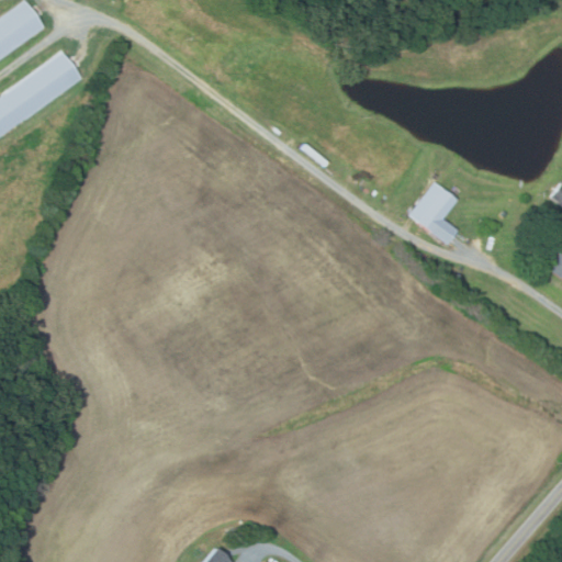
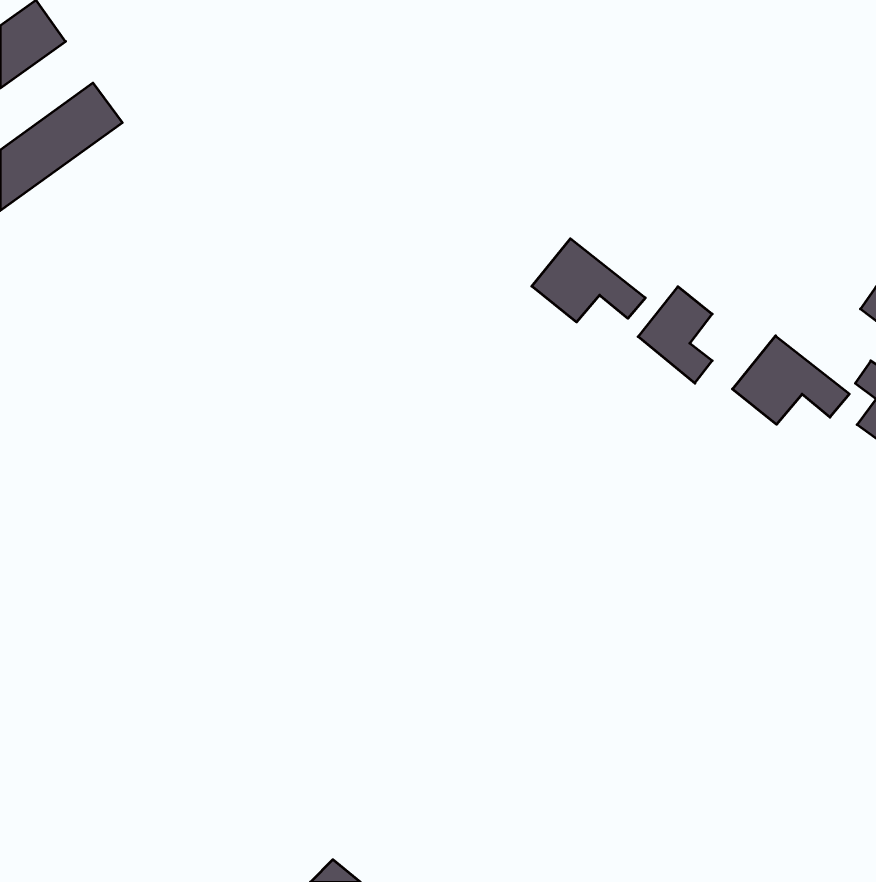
building: none -> [532,239,645,322]
building: none -> [732,336,849,424]

